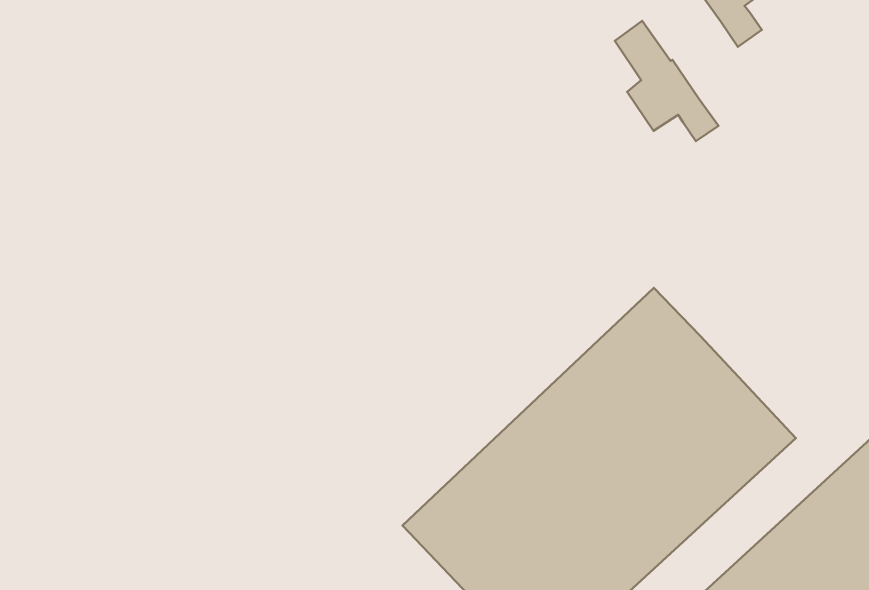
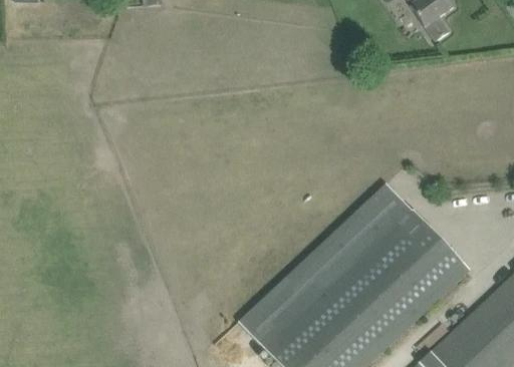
building: [615,21,718,141] -> none

